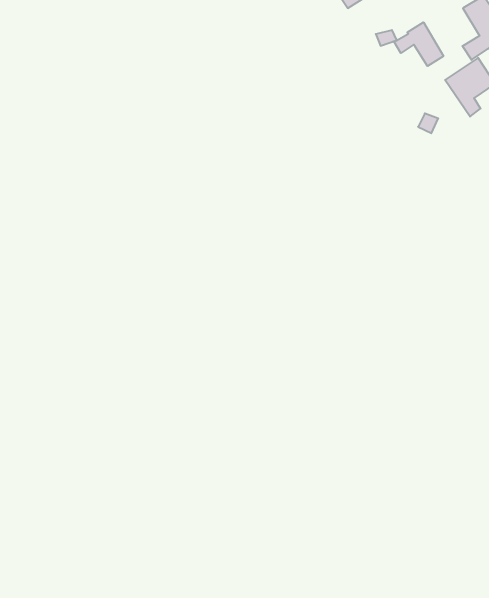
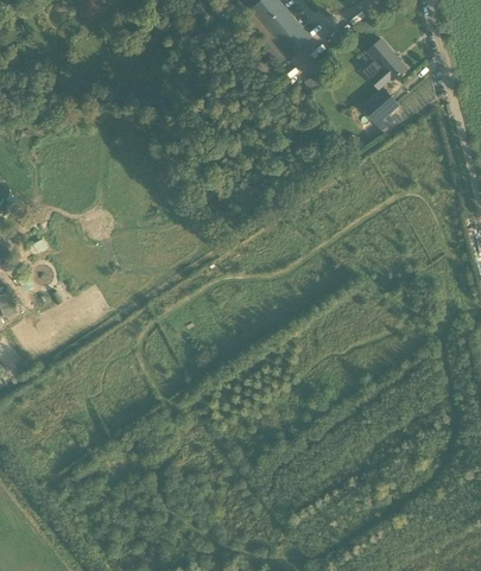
building: [394,22,443,66] -> none

